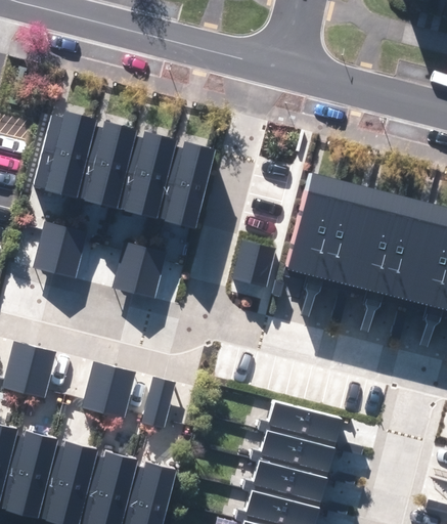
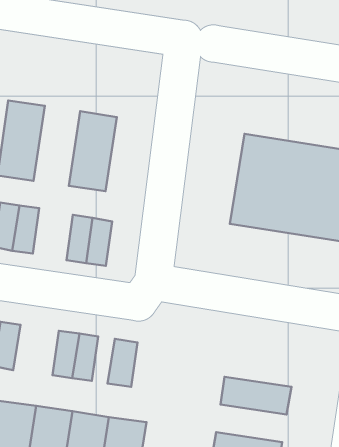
building: [83,125,139,212] -> none
building: [158,144,214,230] -> none
building: [264,399,341,446] -> none
building: [250,457,325,504] -> none

